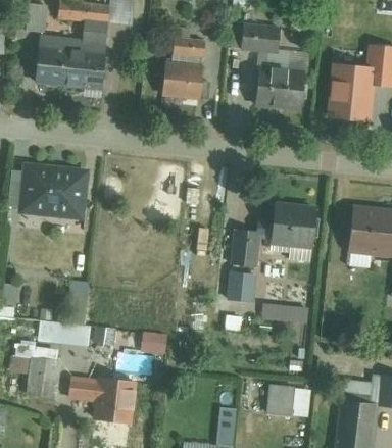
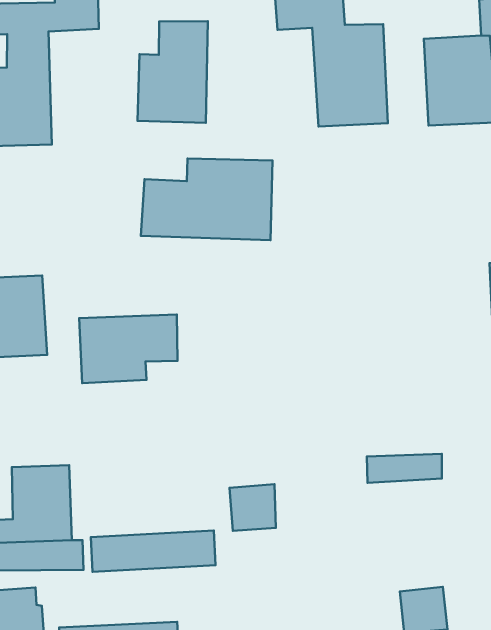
building: none -> [141,158,273,240]
building: none -> [79,314,177,383]
building: [272,202,318,246] -> none
building: [230,229,258,266] -> none
building: [226,275,254,302] -> [230,484,276,531]

